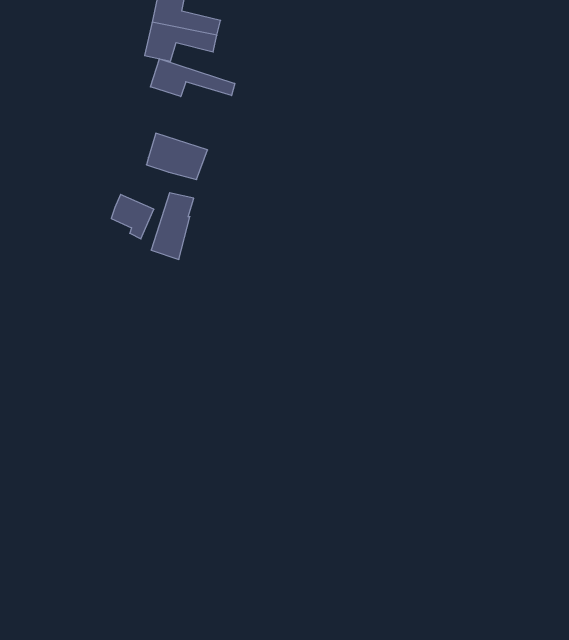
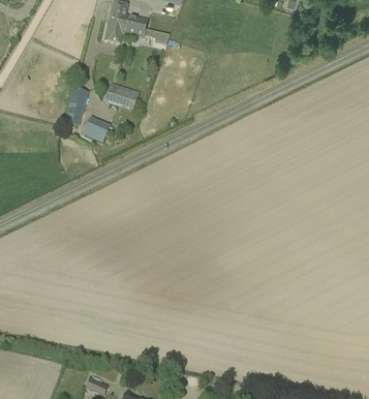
building: [150,59,235,97] -> none
building: [151,193,194,259] -> [63,89,87,126]

